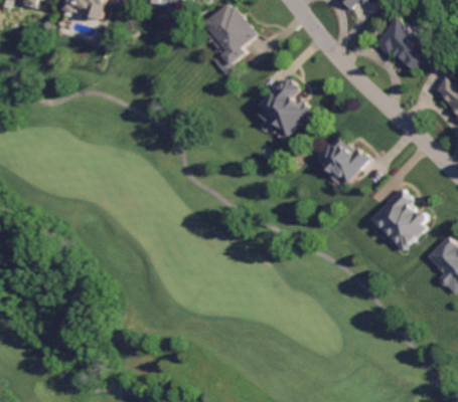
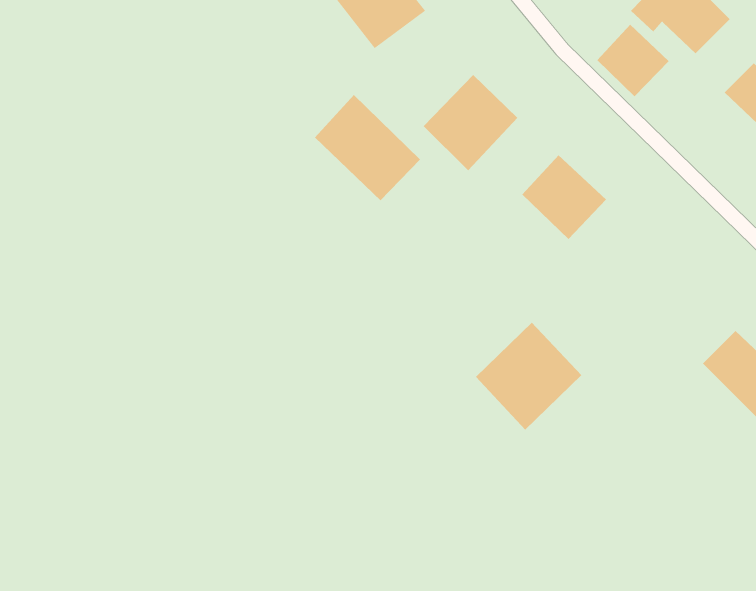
building: none -> [597,24,670,97]
building: none -> [314,94,421,201]
building: [366,188,431,253] -> [475,322,582,430]

